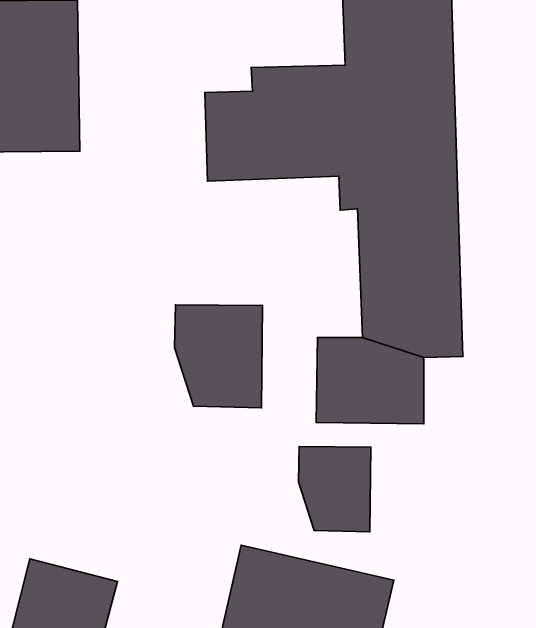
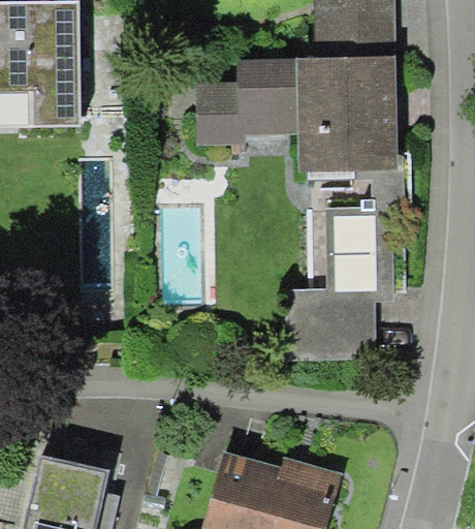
building: [175,305,263,408] -> none
building: [298,446,371,532] -> none

